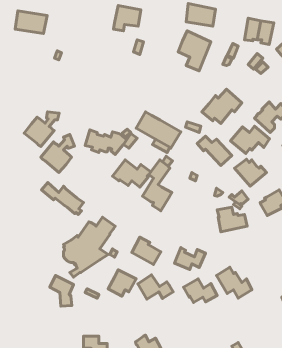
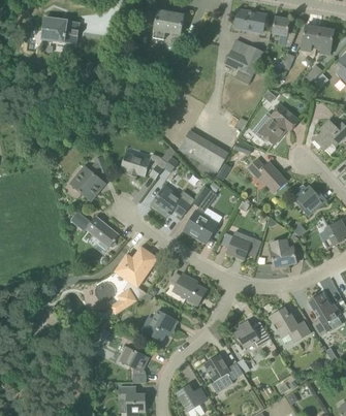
building: none -> [272,17,294,46]
building: [24,112,59,147] -> none
building: [231,126,270,154] -> none
building: [174,248,205,269] -> [226,234,261,259]
building: none -> [309,293,339,334]
building: [138,275,173,299] -> [202,353,243,381]
building: [50,275,74,306] -> [121,347,148,382]

